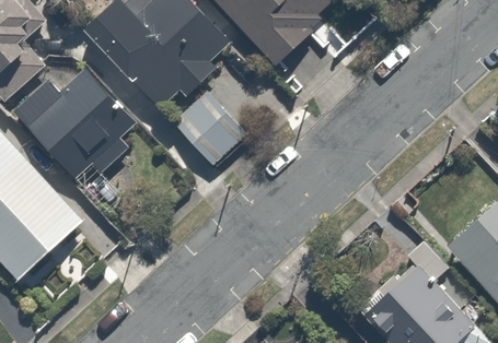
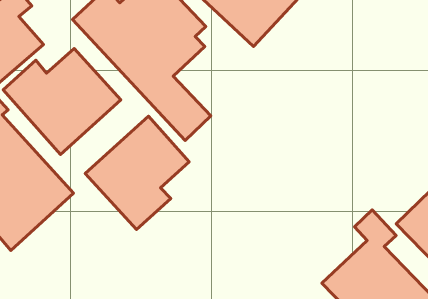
building: none -> [85,116,189,229]

